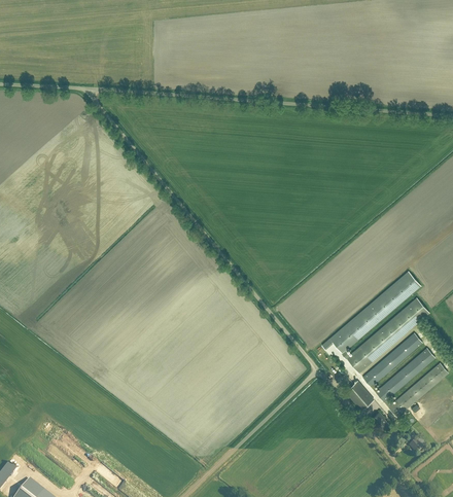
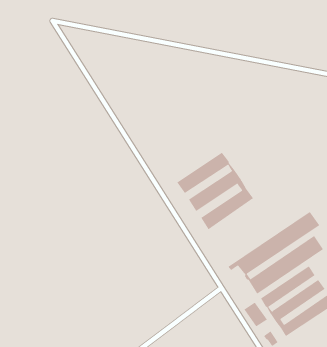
building: none -> [177,152,254,230]

